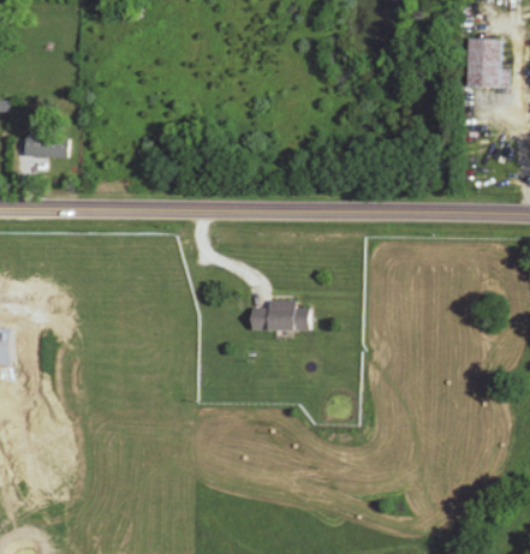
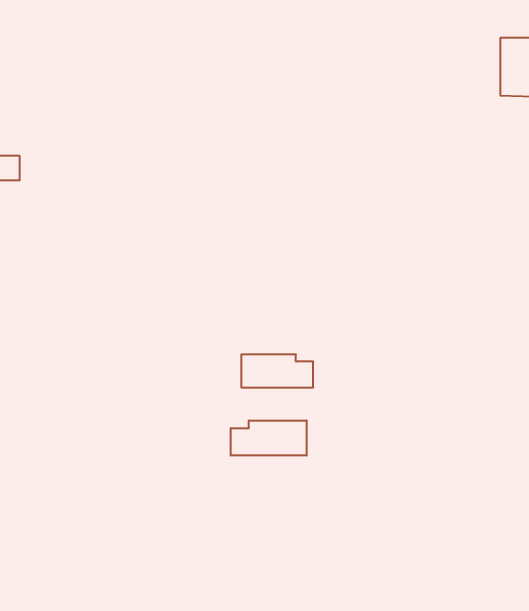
building: none -> [231,420,307,456]

